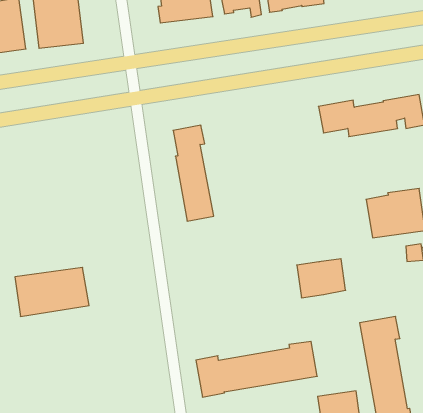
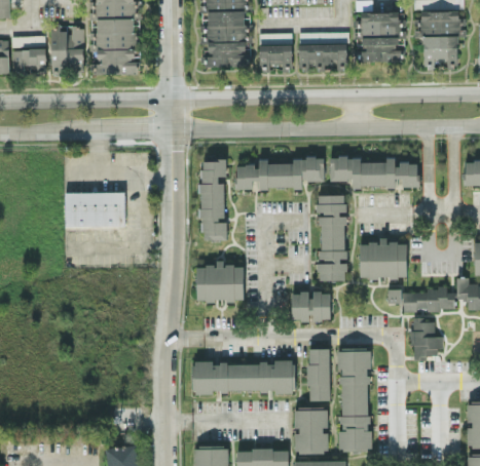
building: none -> [235,157,324,188]
building: none -> [317,194,346,280]
building: none -> [195,264,243,301]
building: [15,267,89,316] -> [65,192,125,227]
building: none -> [307,348,329,400]

